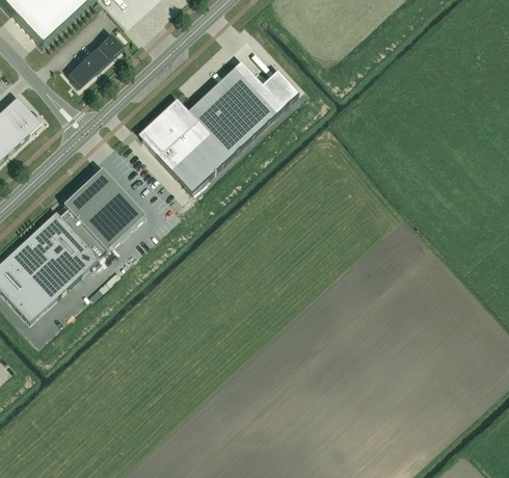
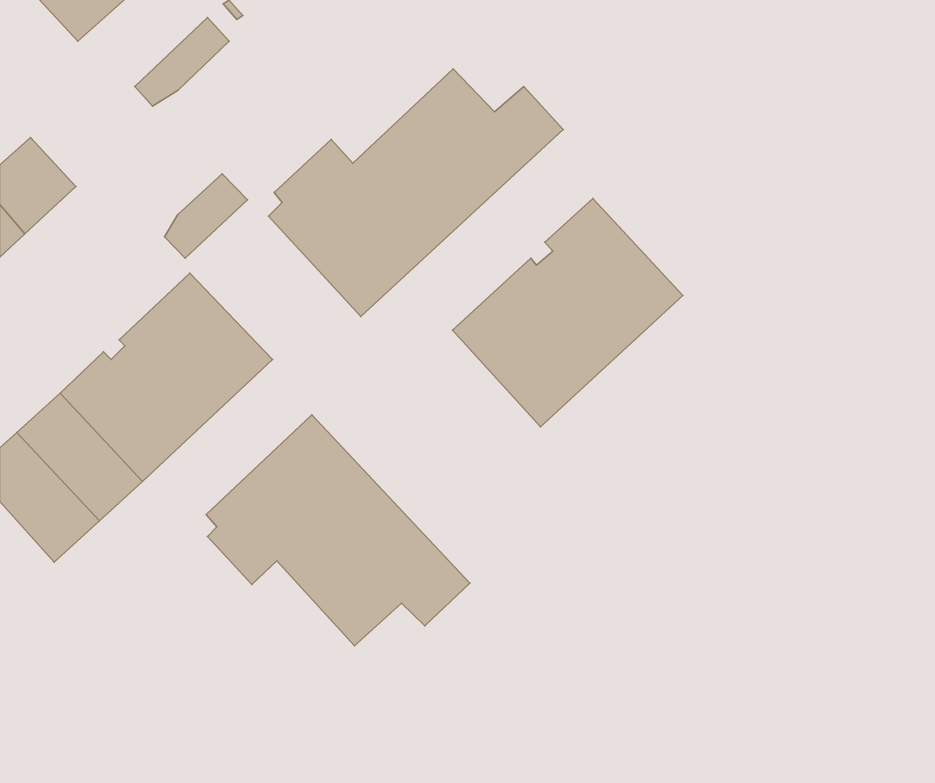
building: none -> [164,174,247,258]
building: none -> [453,198,683,427]
building: none -> [206,415,470,646]

